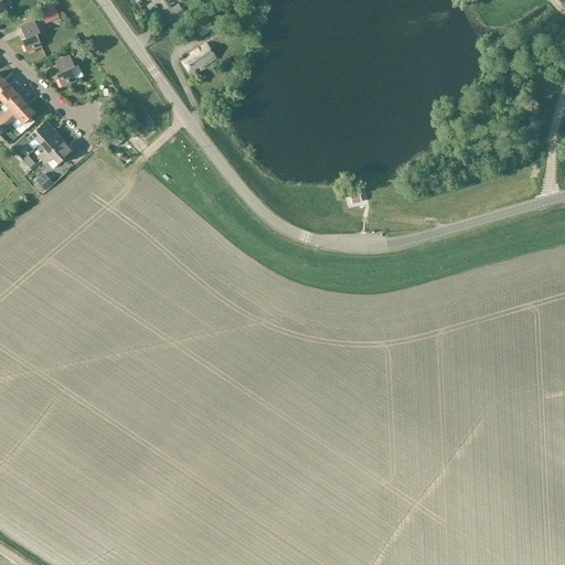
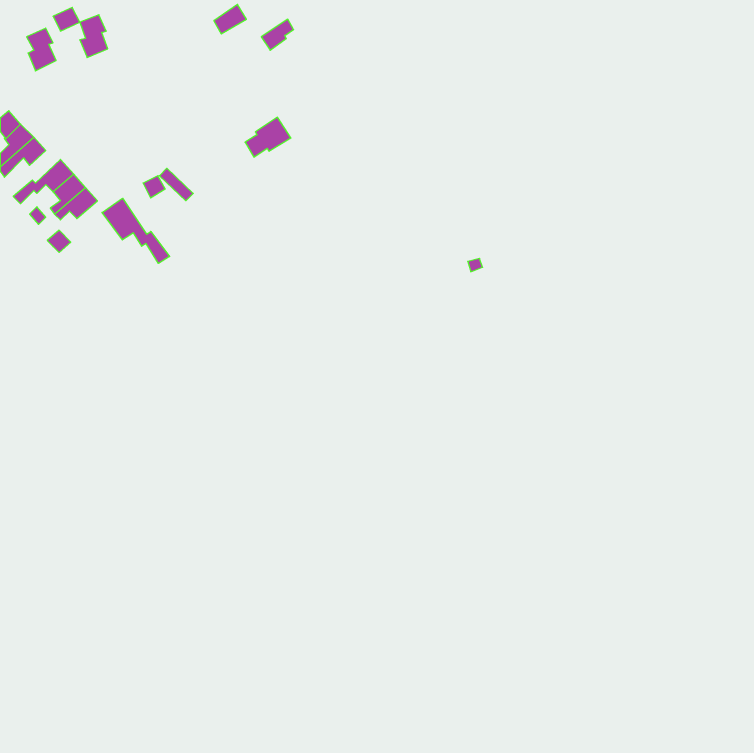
building: [182,43,216,73] -> [245,117,291,157]
building: [55,55,76,87] -> [80,15,108,58]
building: none -> [102,198,170,263]

